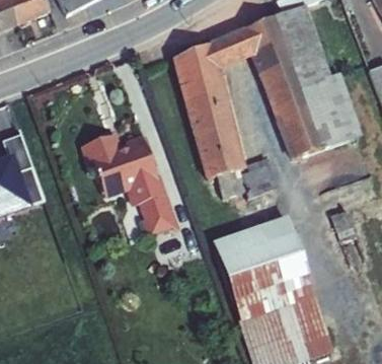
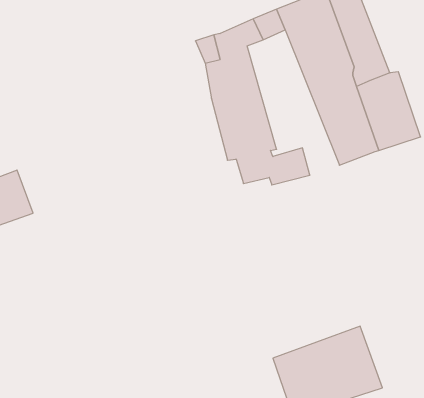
building: [87,133,175,230] -> none
building: [211,217,311,319] -> none

